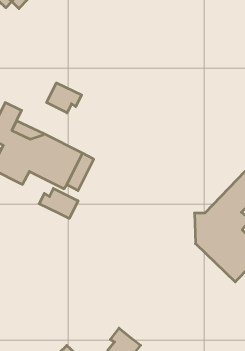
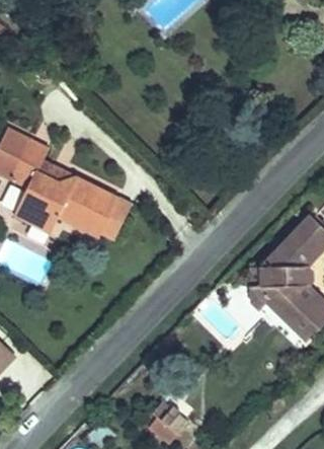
building: [47,83,82,113] -> none
building: [39,188,78,218] -> none

